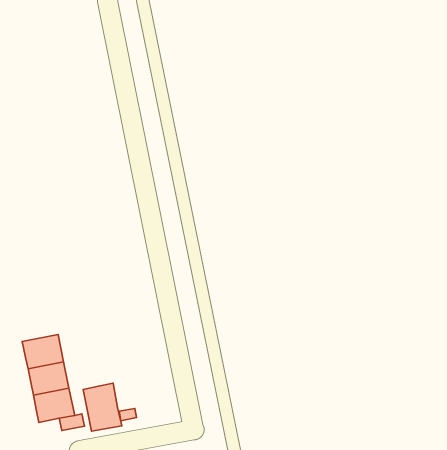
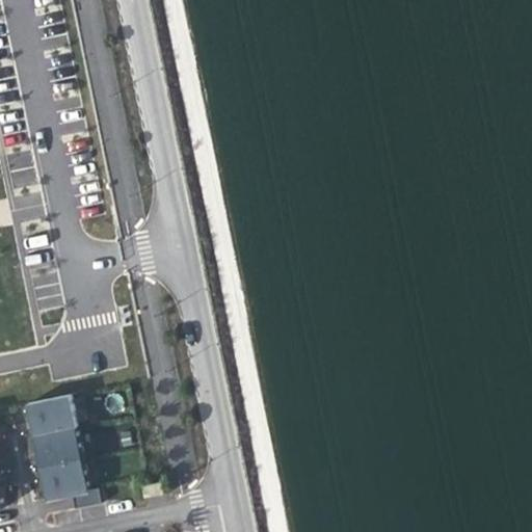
building: [83,383,122,431] -> none

